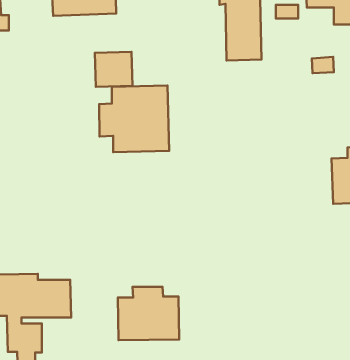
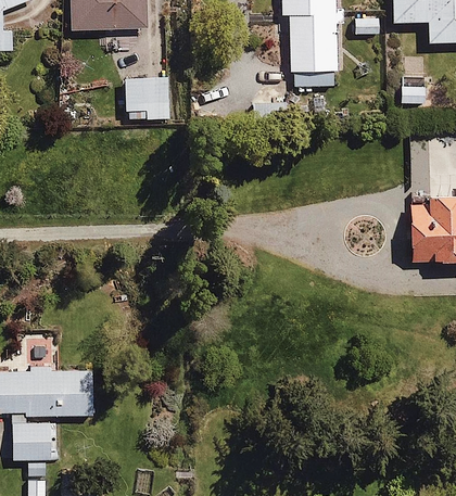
building: [99,86,169,152] -> none
building: [118,287,179,340] -> none

